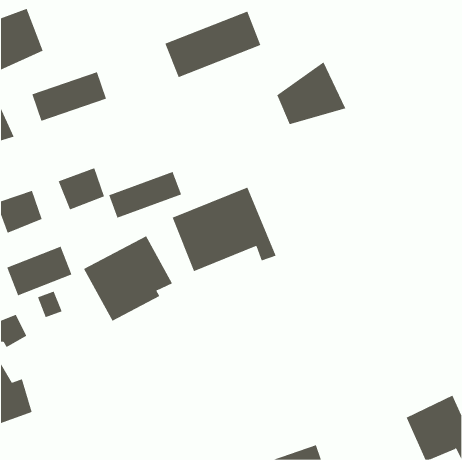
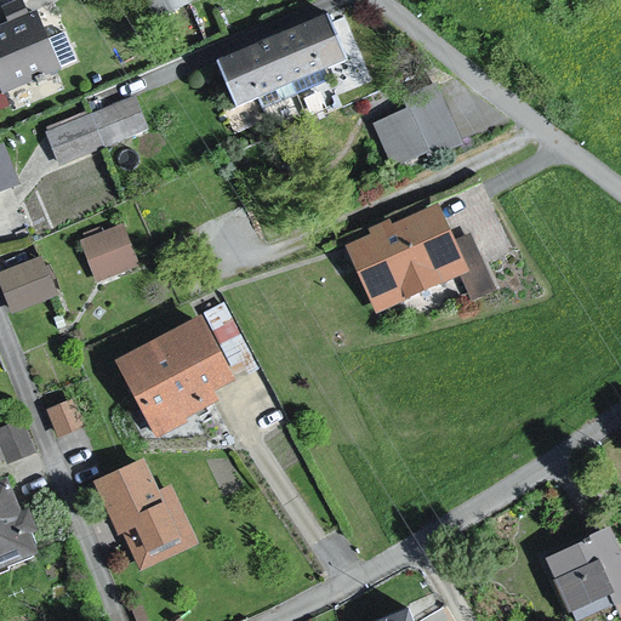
building: [108,171,182,218] -> none
building: [172,187,277,272] -> [353,188,494,302]
building: [6,246,72,296] -> none
building: none -> [90,457,198,571]

